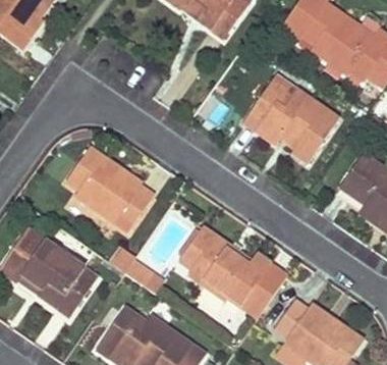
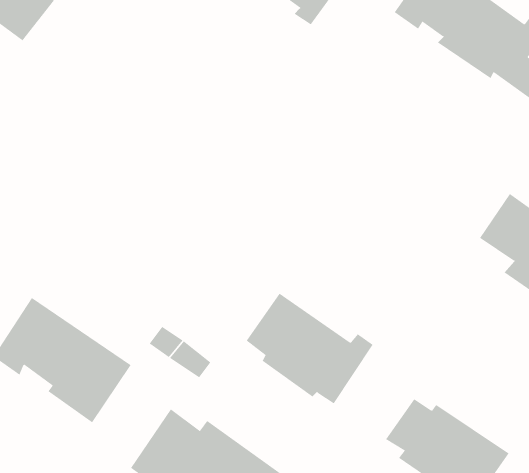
building: [244,81,337,161] -> none
building: [66,149,152,227] -> none
building: [239,262,285,315] -> none

